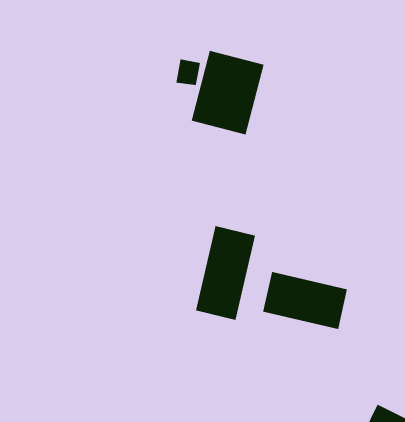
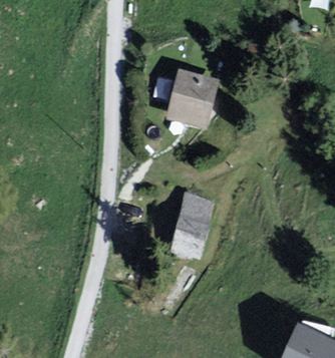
building: [263,271,348,330] -> none

